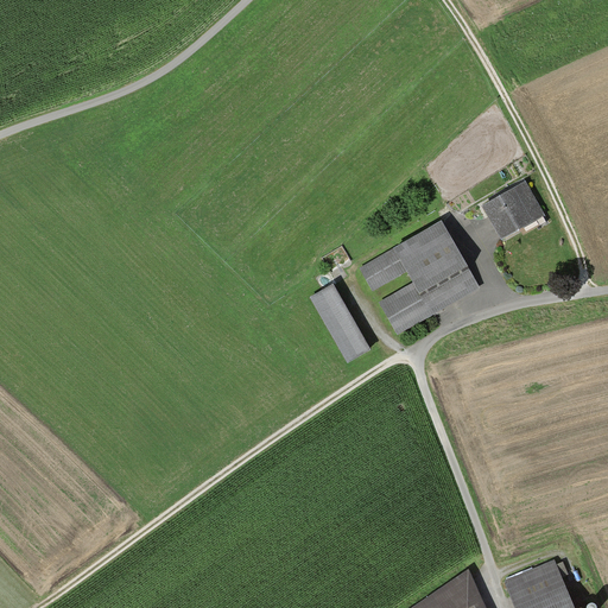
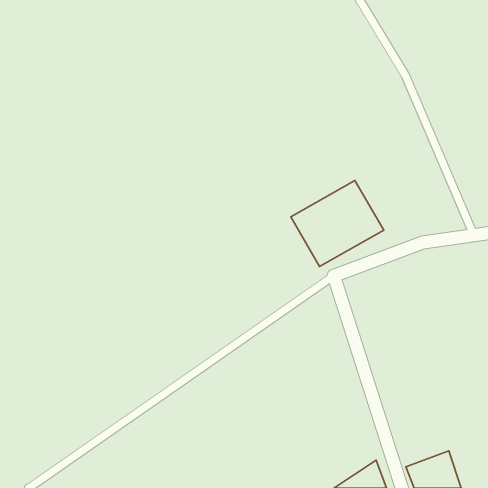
building: [480,183,542,240] -> none
building: [311,285,368,360] -> none

